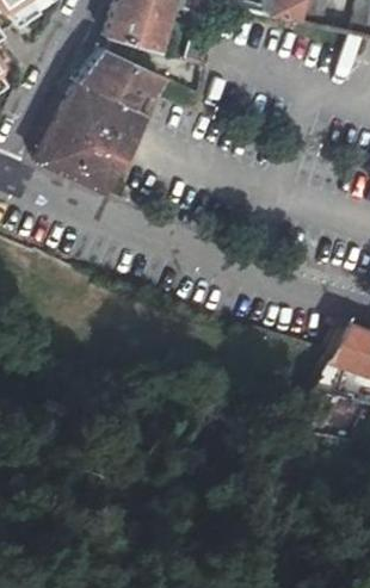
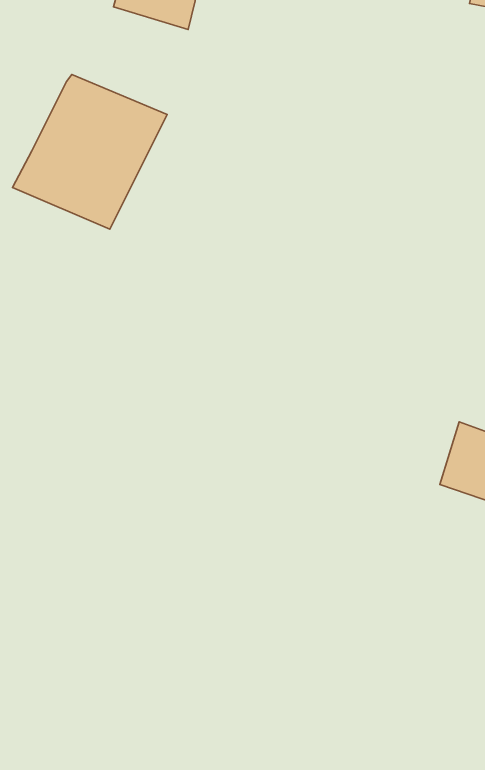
building: [80,49,164,111] -> none

